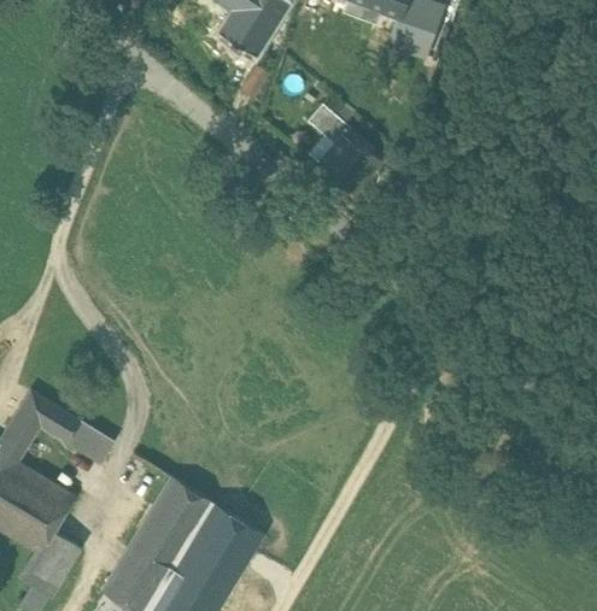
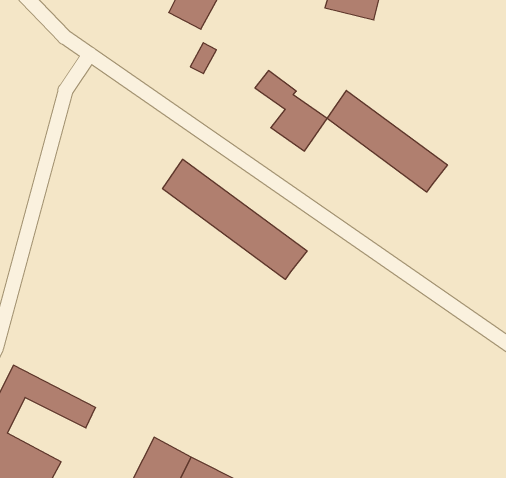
building: none -> [327,90,447,192]
building: none -> [163,159,307,279]

